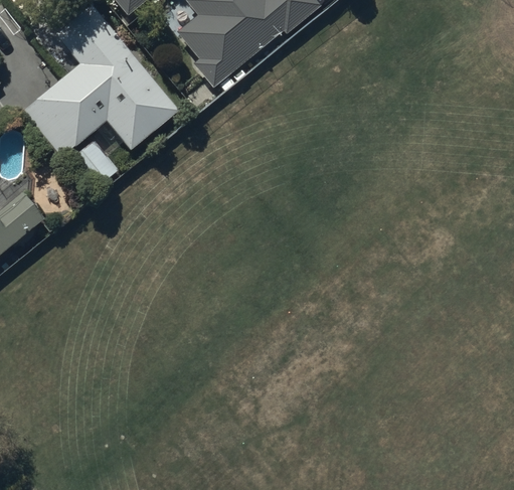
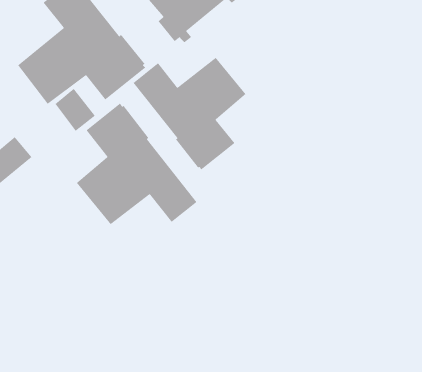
building: none -> [132,57,247,171]
building: none -> [76,103,197,225]

